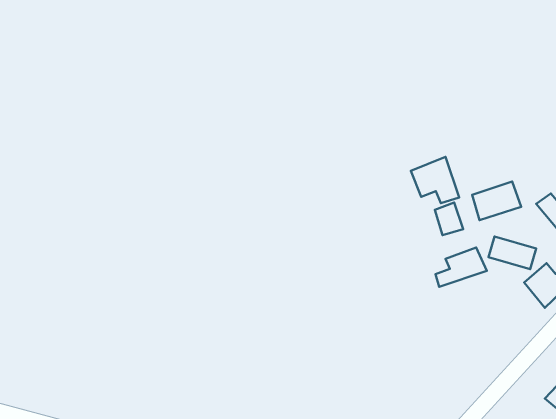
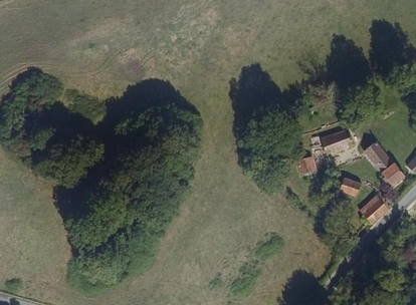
building: [411,157,459,203] -> none
building: [435,248,487,287] -> none

